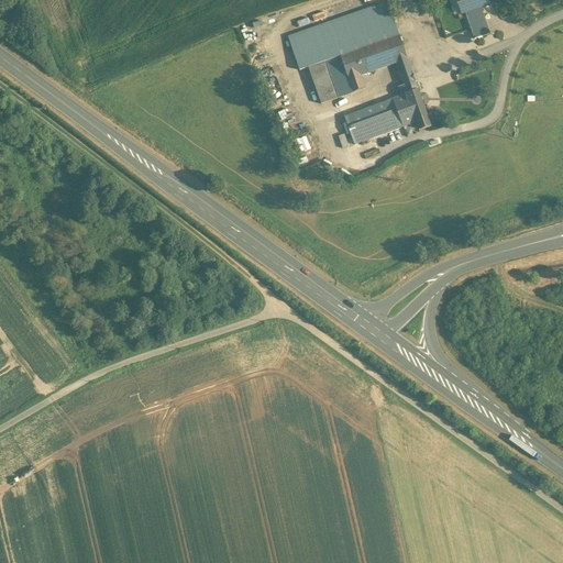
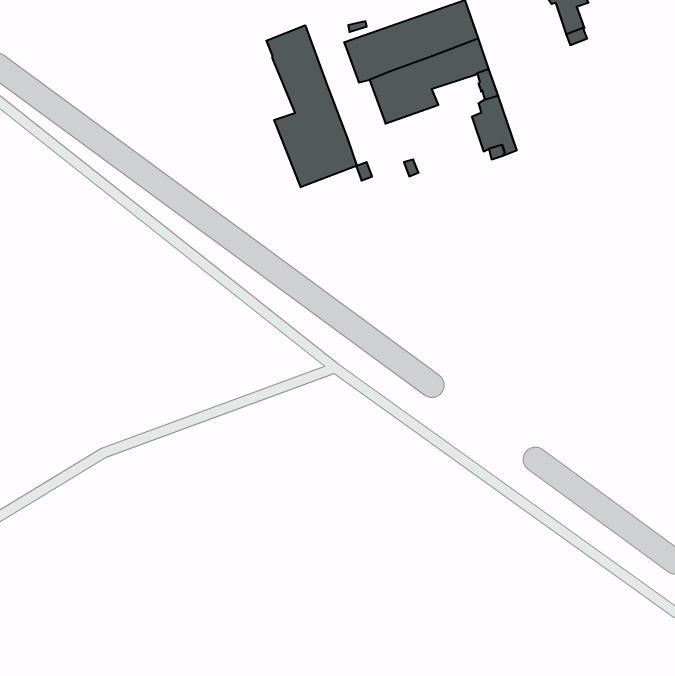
building: none -> [266,25,357,187]
building: [342,97,400,143] -> none

